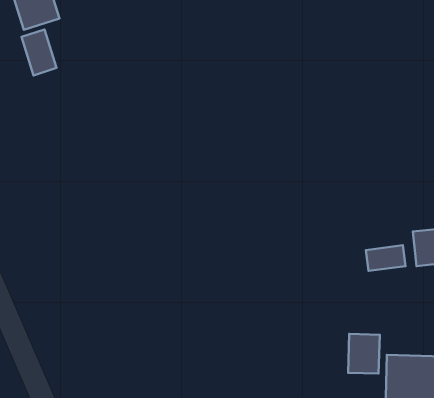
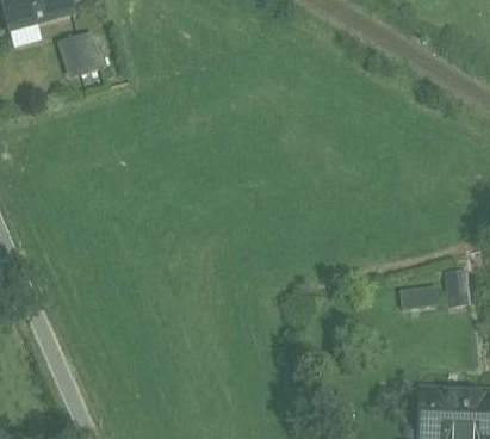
building: [22,29,57,75] -> none
building: [348,334,380,374] -> none

